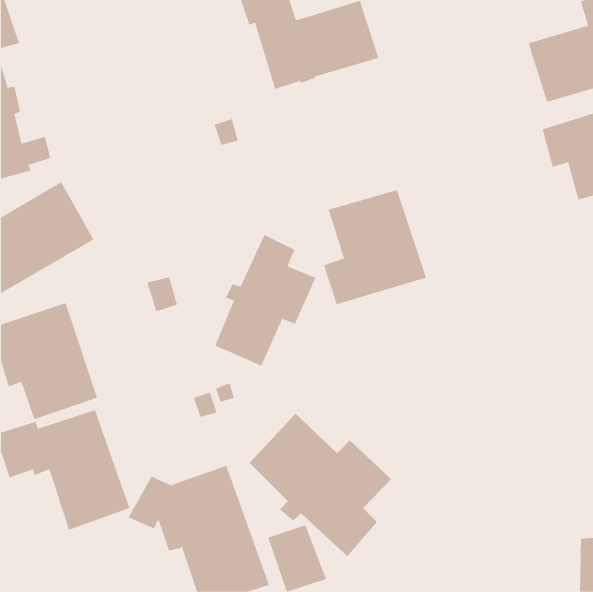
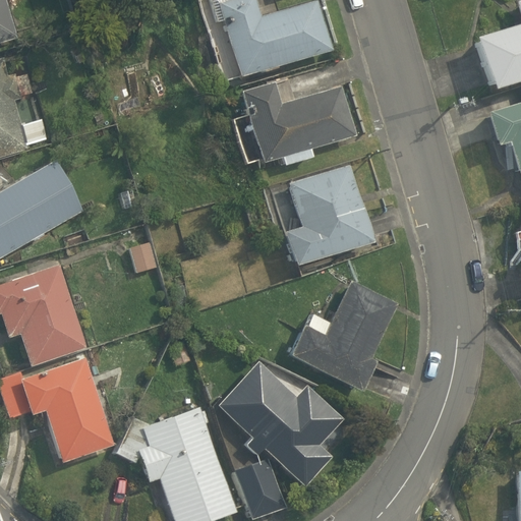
building: none -> [242,61,356,165]
building: [215,234,316,367] -> none
building: none -> [289,281,398,393]

